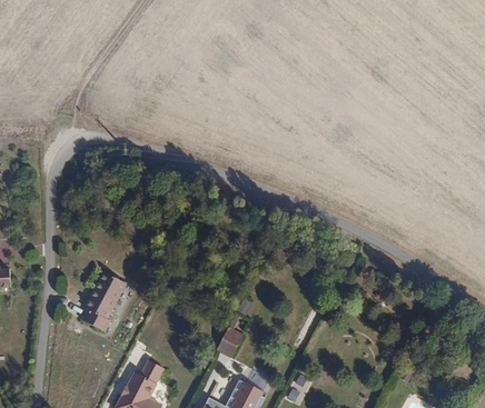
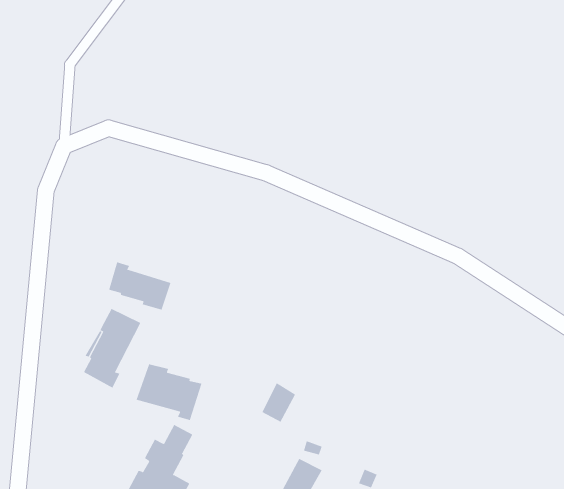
building: none -> [108,261,171,311]
building: none -> [136,363,202,421]

